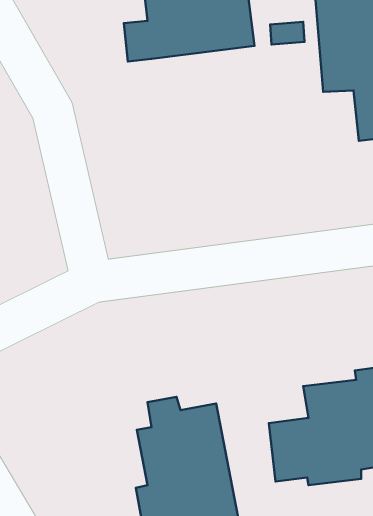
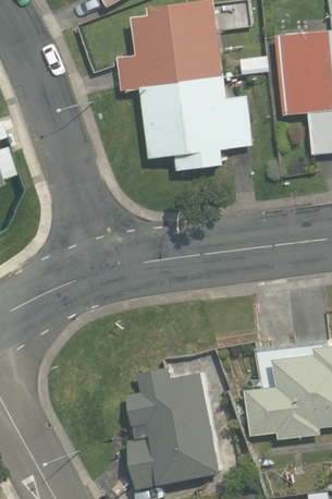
building: none -> [146,76,258,171]

